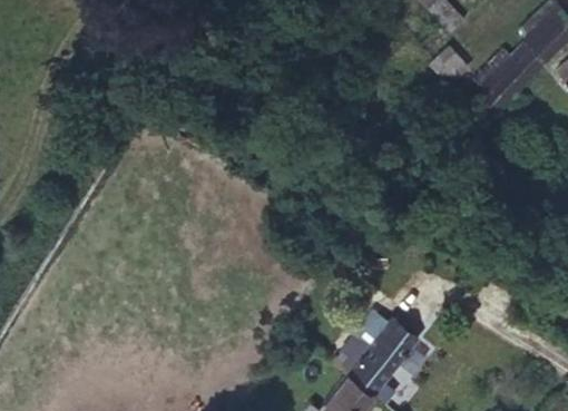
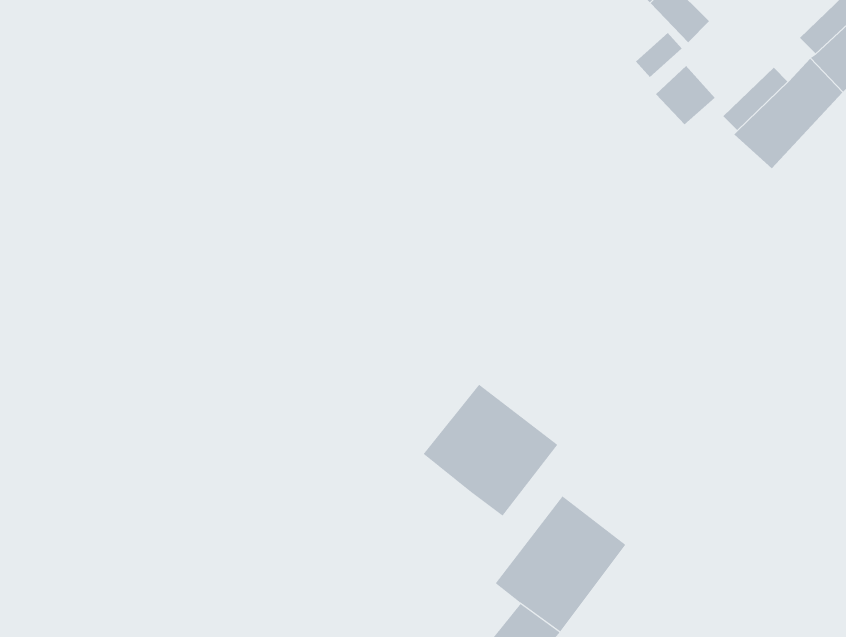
building: none -> [423,384,558,517]

